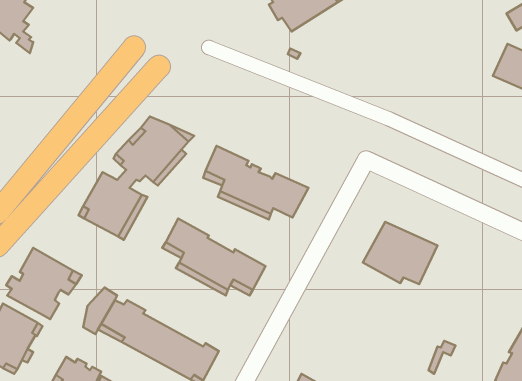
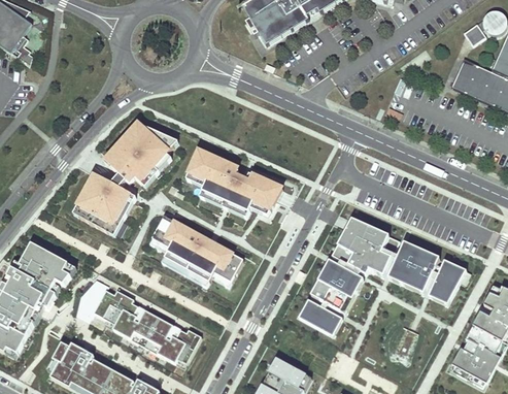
building: none -> [388,241,440,293]
building: none -> [310,260,364,313]
building: none -> [429,260,467,304]
building: none -> [299,299,342,335]

